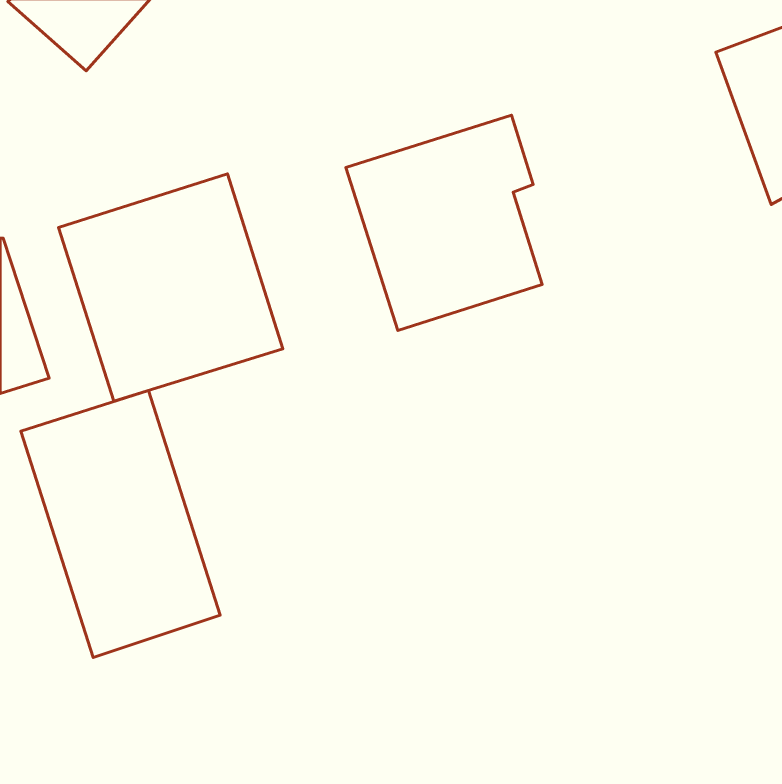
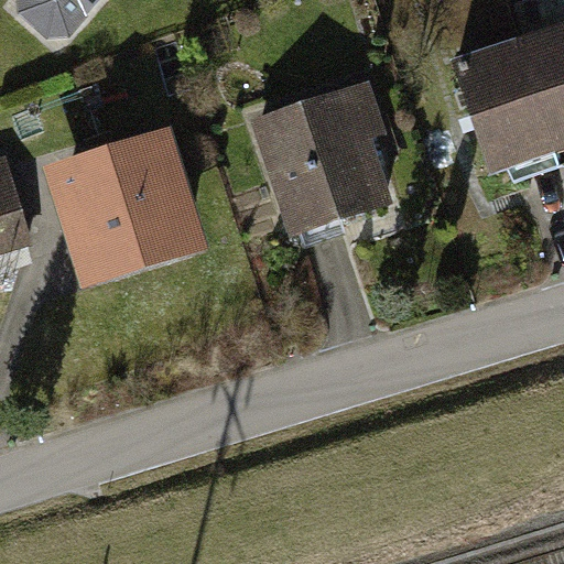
building: none -> [451,37,555,170]
building: [21,390,220,658] -> none

